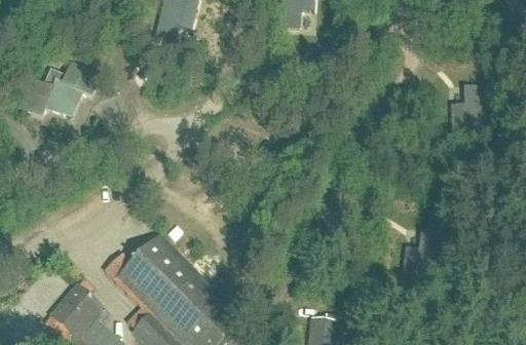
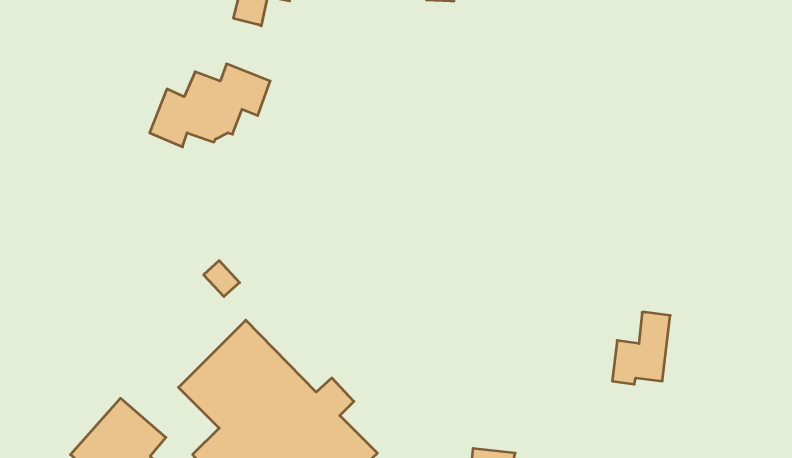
building: [22,63,101,117] -> [150,64,270,147]
building: [450,83,484,131] -> none

